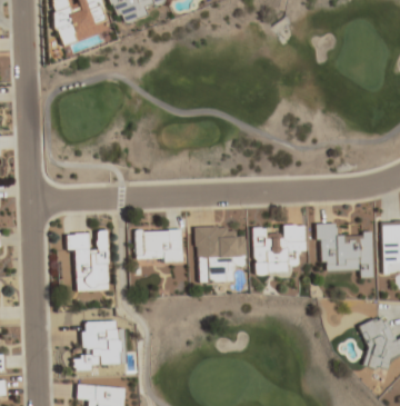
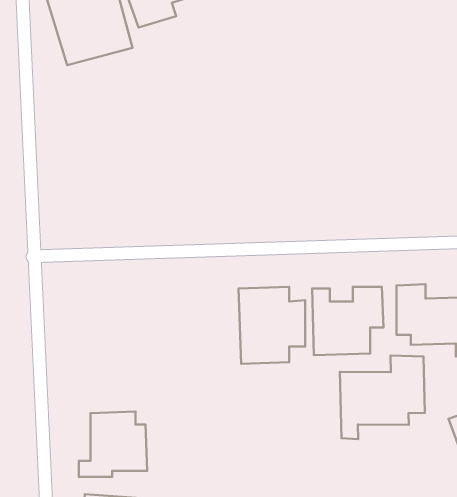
building: [134,229,183,263] -> none
building: [67,231,109,291] -> none
building: none -> [340,356,425,439]

